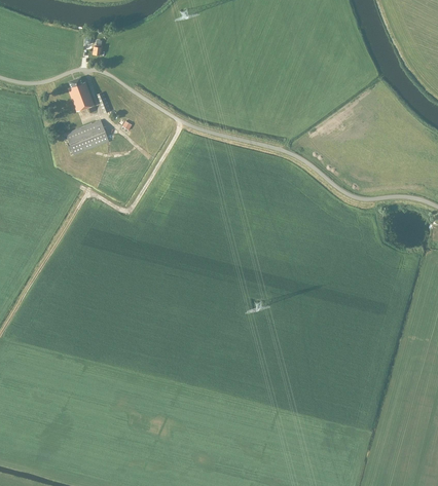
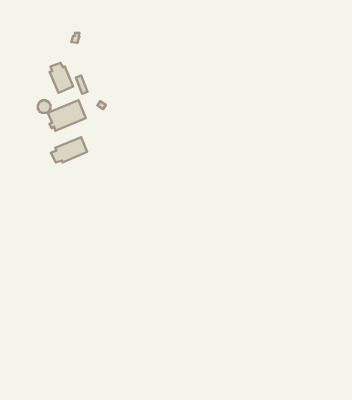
building: none -> [51,137,87,163]

